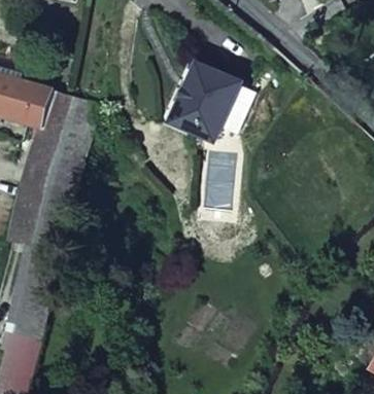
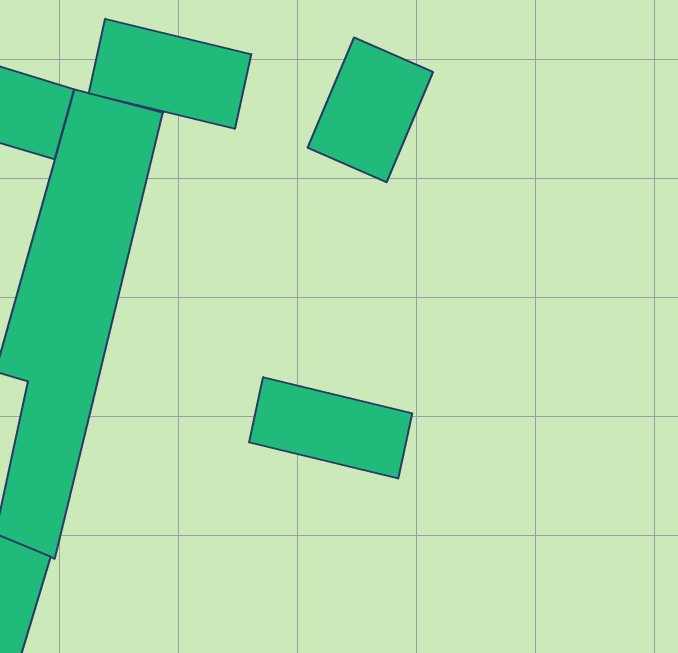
building: none -> [89,19,251,129]
building: none -> [249,377,412,479]

